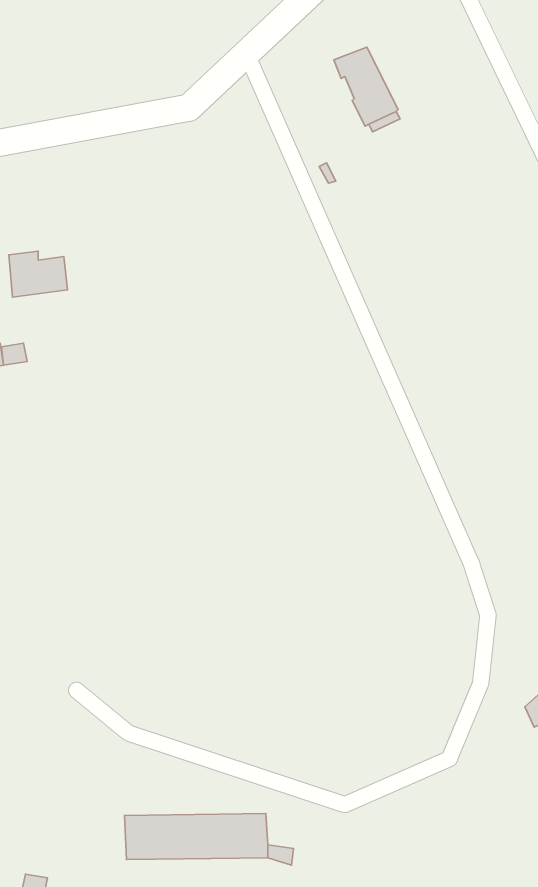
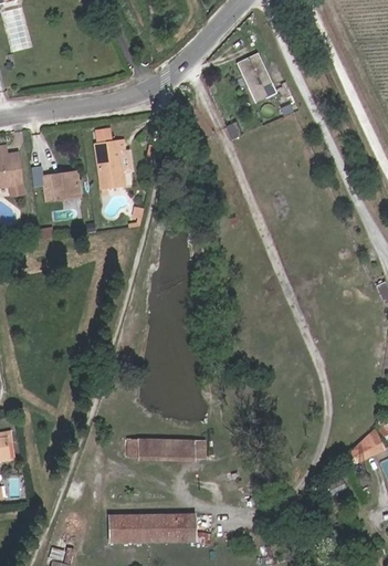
building: none -> [94,140,123,190]
building: none -> [129,440,206,461]

